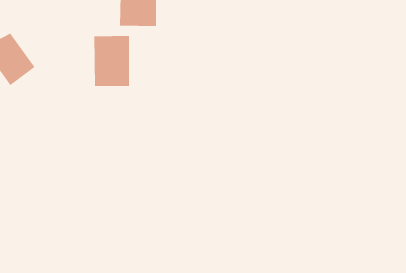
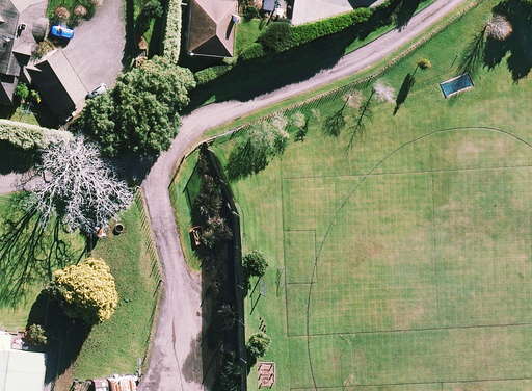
building: [93,35,130,87] -> none

